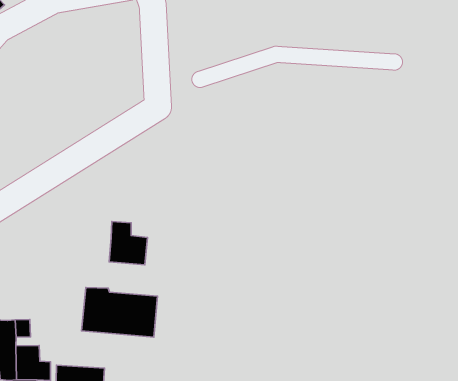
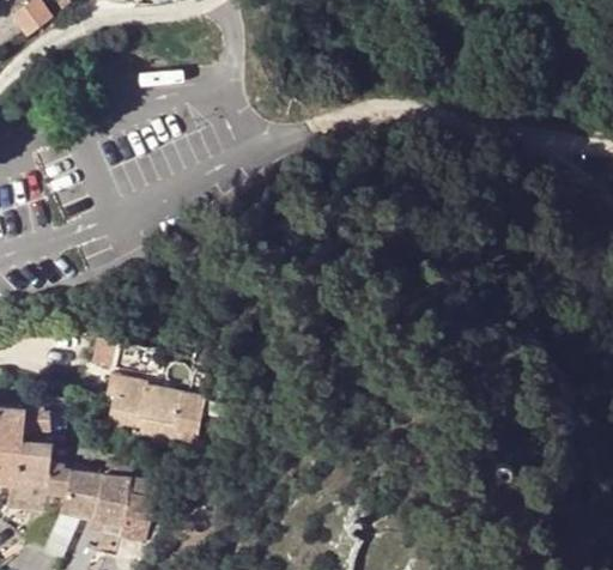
building: [109,221,147,265] -> none

